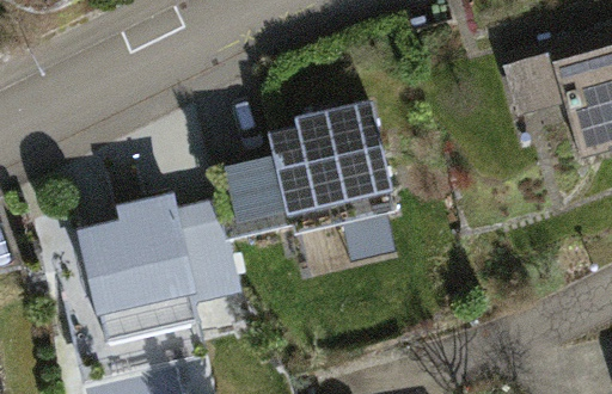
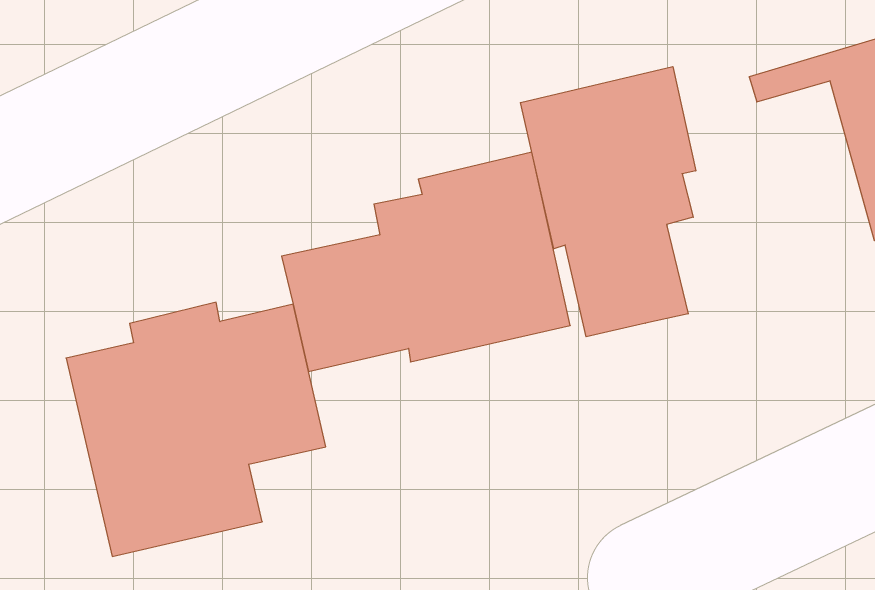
building: none -> [520,67,696,337]

